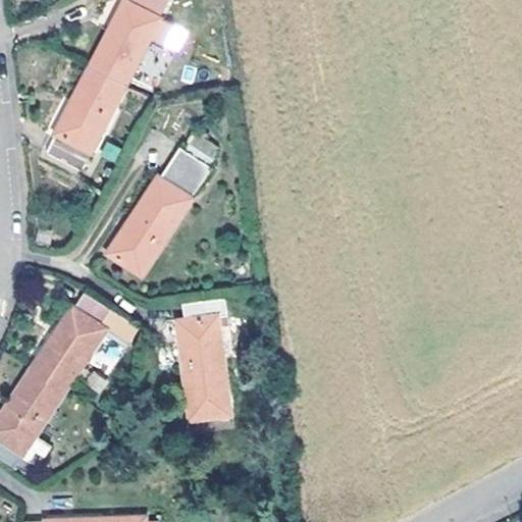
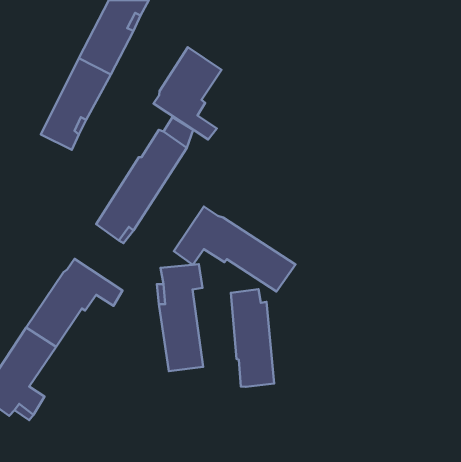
building: none -> [153,47,221,139]
building: none -> [174,207,295,292]
building: none -> [231,289,274,387]

